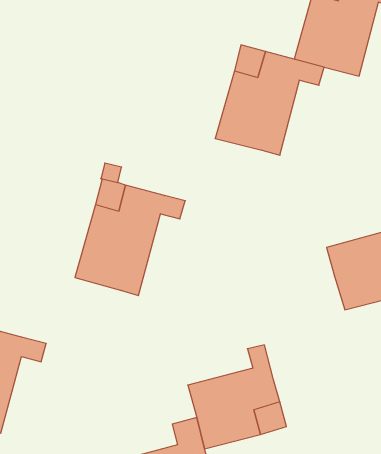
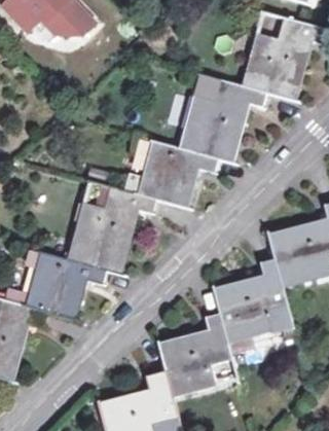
building: none -> [140,142,217,207]
building: none -> [27,250,106,319]
building: none -> [213,258,292,340]

